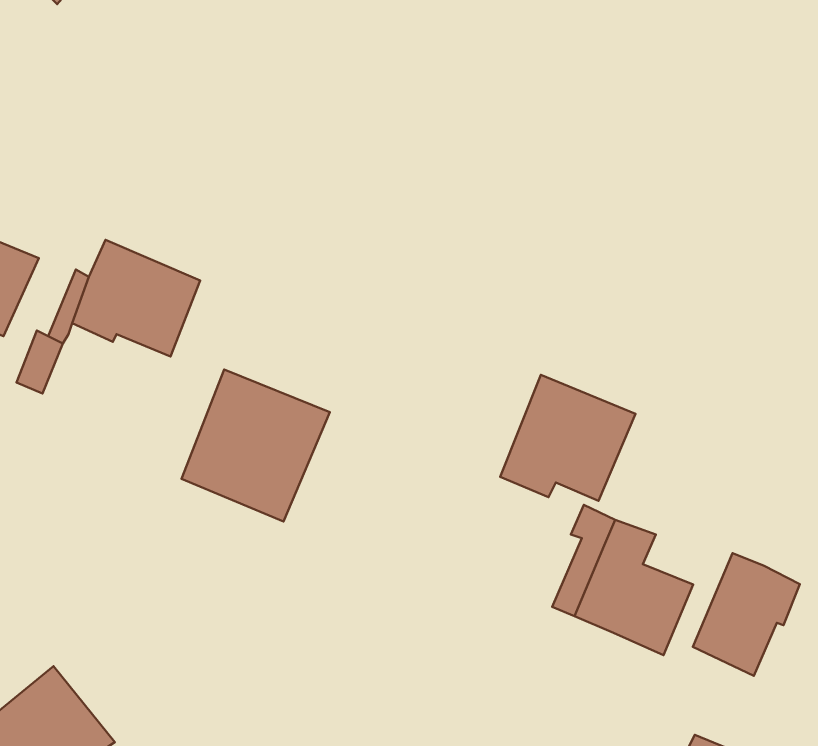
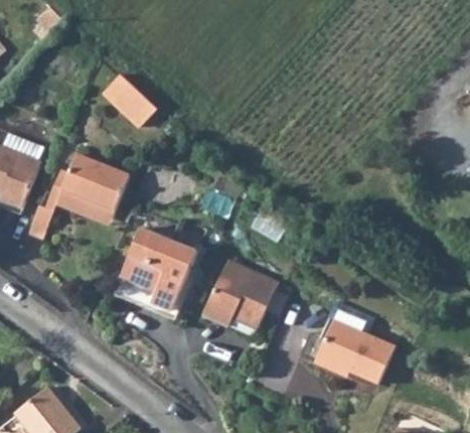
building: none -> [106,69,159,120]
building: [500,375,635,501] -> [204,258,278,326]
building: [693,553,800,676] -> none

